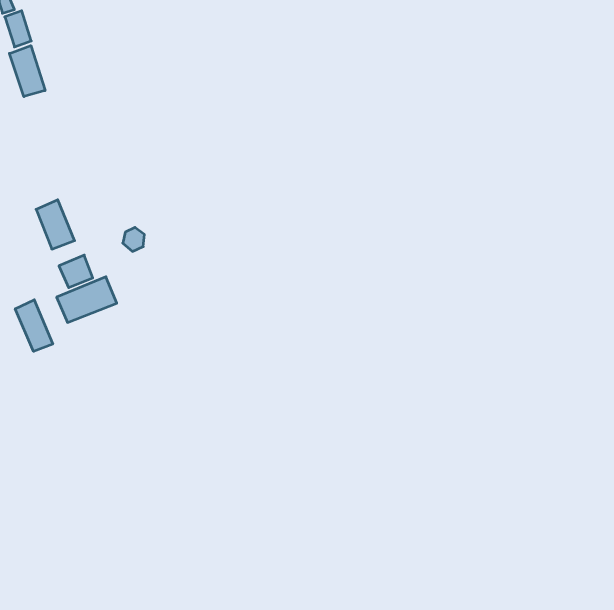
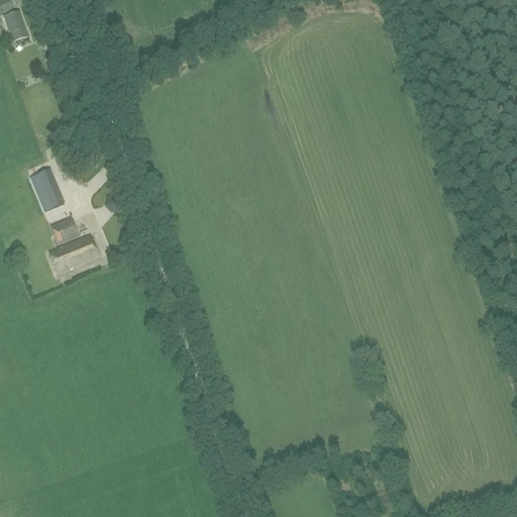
building: [9,46,45,97] -> none
building: [15,300,53,351] -> none

